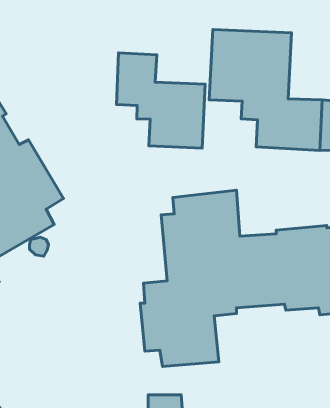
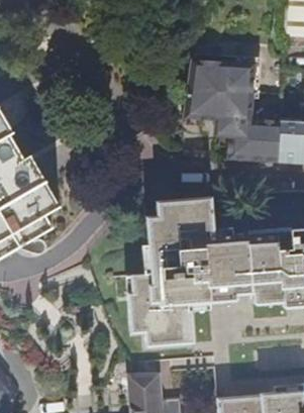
building: [117,53,205,148] -> none

